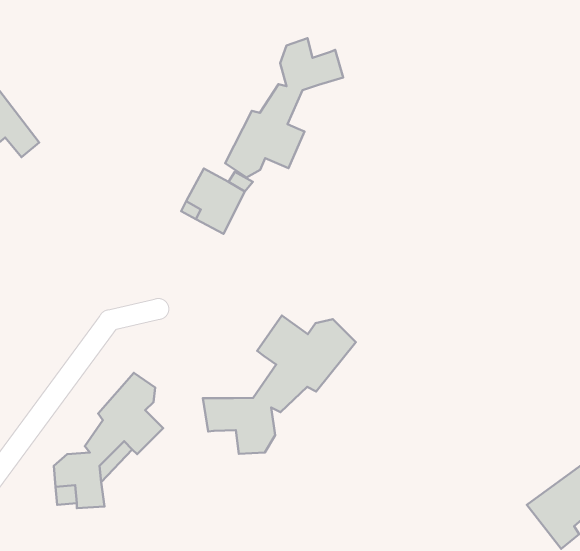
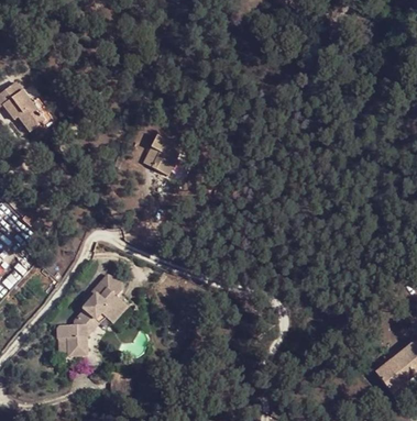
building: [225,38,343,178] -> none
building: [203,316,356,454] -> none

